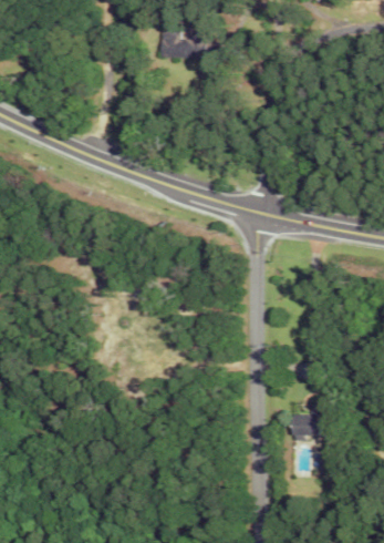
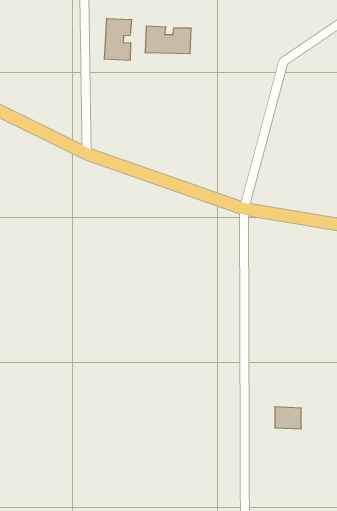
building: none -> [104,18,132,60]

